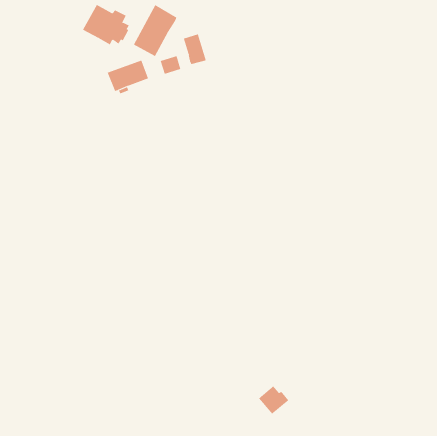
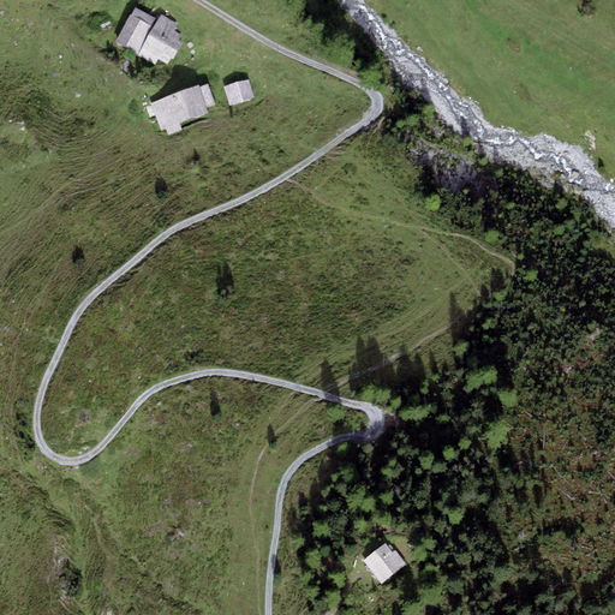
building: [133,4,177,57] -> none
building: [183,33,206,65] -> none

